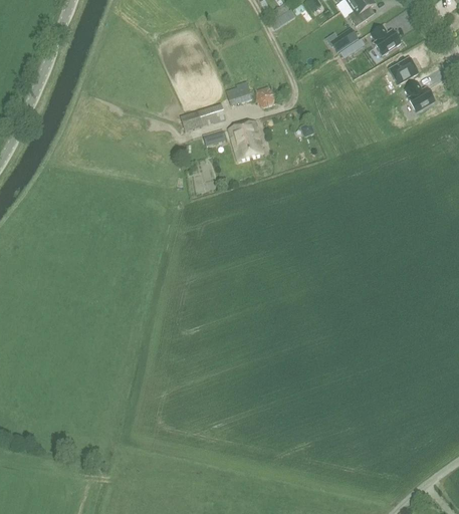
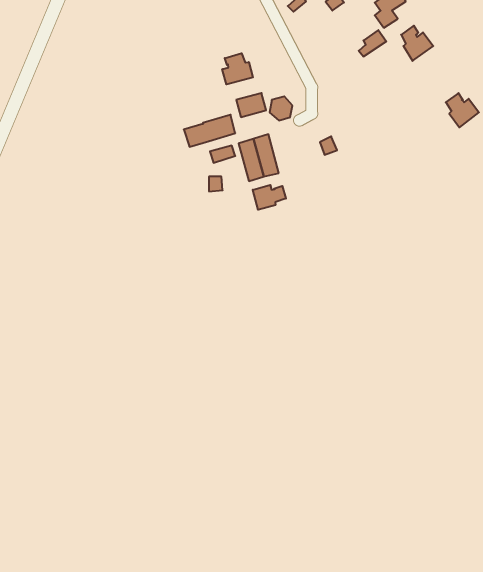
building: none -> [222,53,253,84]
building: [391,58,419,85] -> none
building: none -> [253,185,286,210]

